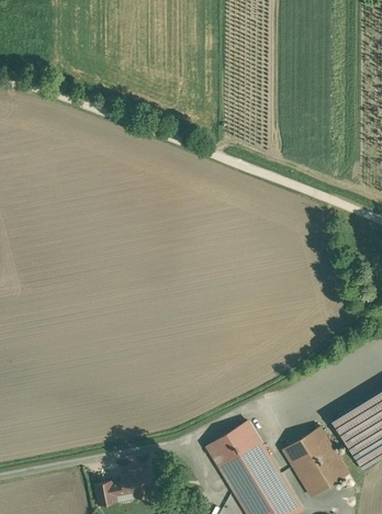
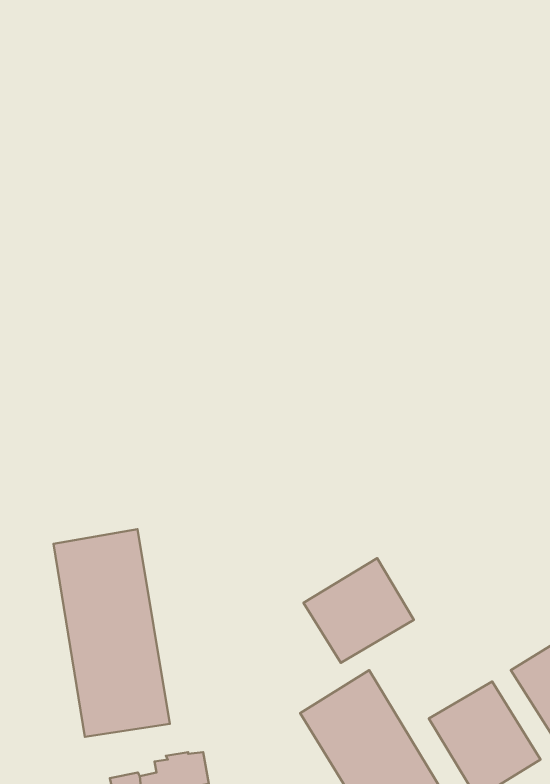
building: none -> [54,529,170,737]
building: none -> [303,558,414,663]

